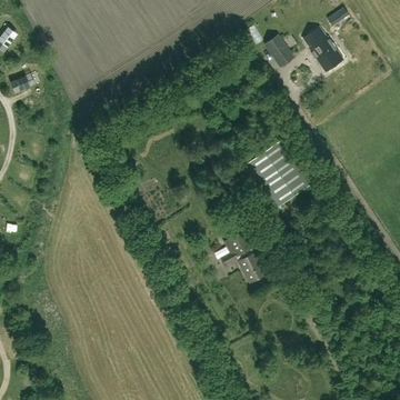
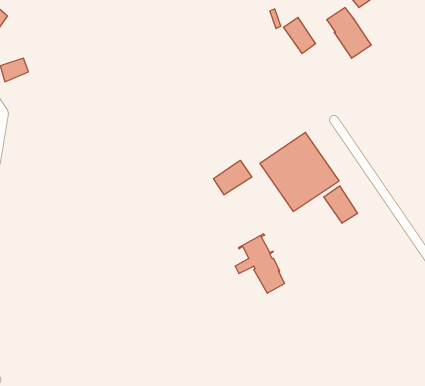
building: none -> [214,160,252,195]
building: none -> [324,186,357,223]

